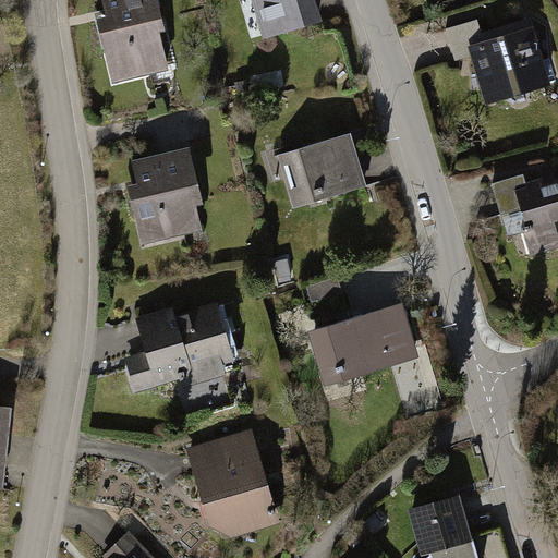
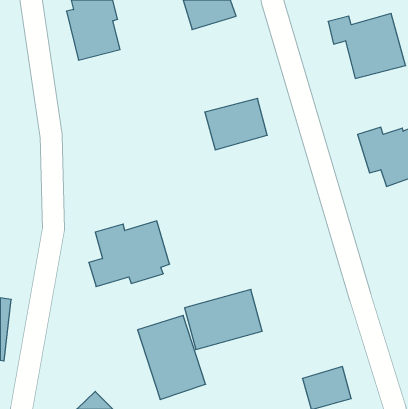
building: [122,147,199,244] -> none
building: [312,305,417,387] -> [185,289,262,350]

